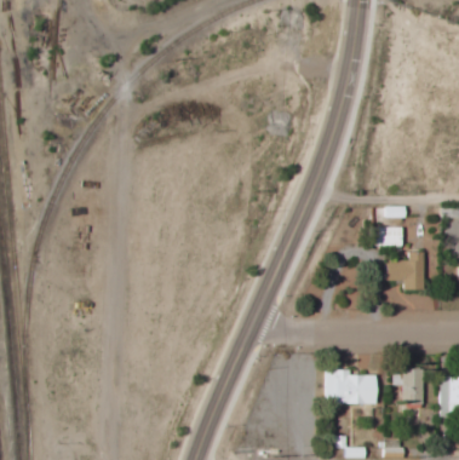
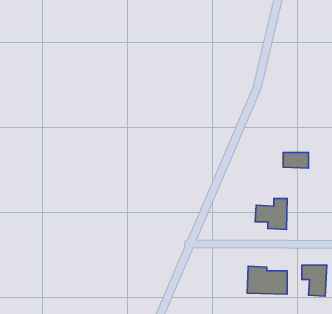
building: [385,252,425,291] -> [255,198,287,230]

